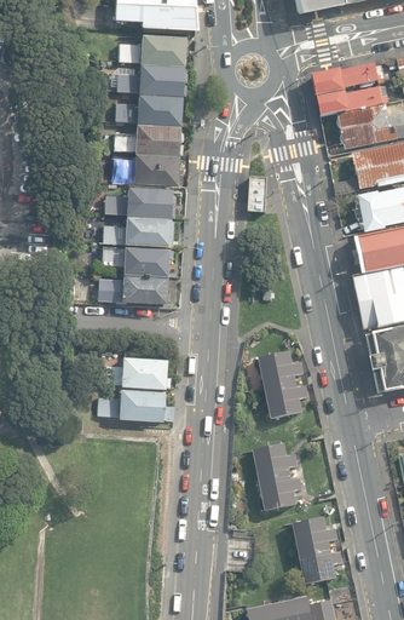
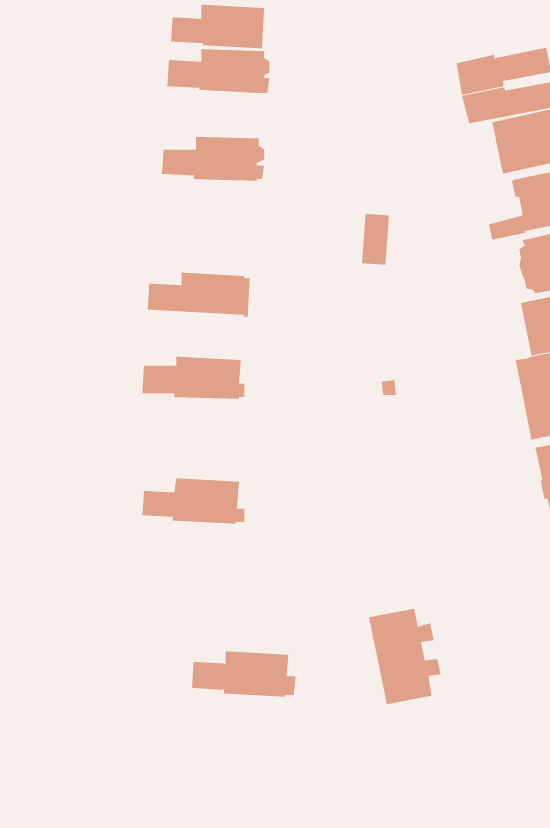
building: [115,94,181,126] -> none
building: [112,154,178,185] -> none
building: [104,188,174,219] -> none
building: [102,246,172,276] -> none
building: [258,351,308,418] -> none
building: [97,389,168,420] -> [191,651,296,697]
building: [293,517,342,584] -> none

